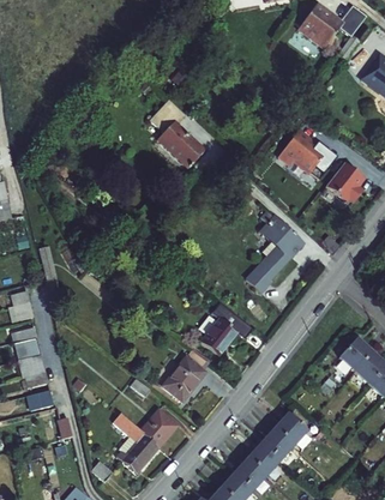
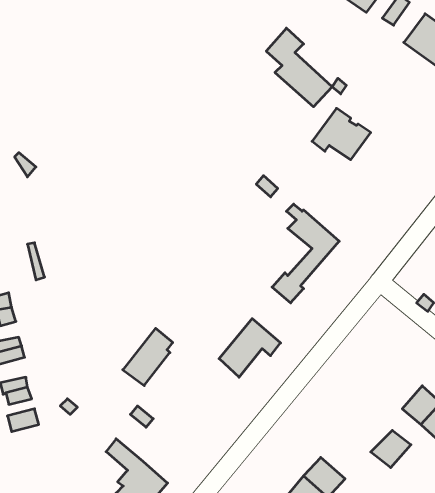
building: [148,101,203,167] -> [266,28,332,107]
building: [327,159,366,199] -> none
building: [166,349,207,397] -> [123,328,173,386]
building: [339,349,373,380] -> [371,430,411,468]
building: [139,403,178,442] -> none

